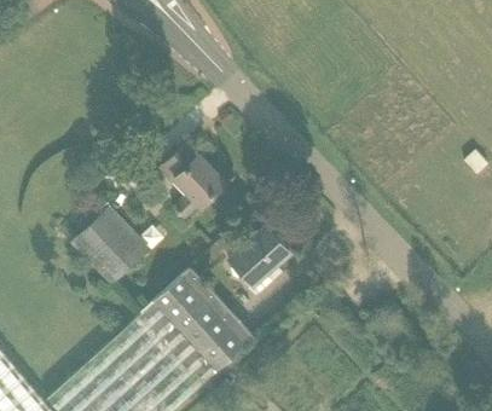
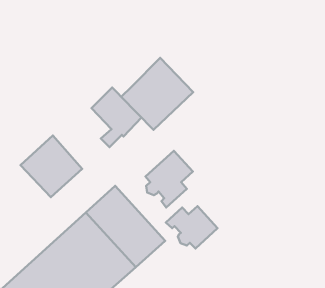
building: none -> [121,58,193,130]
building: none -> [166,206,217,248]

